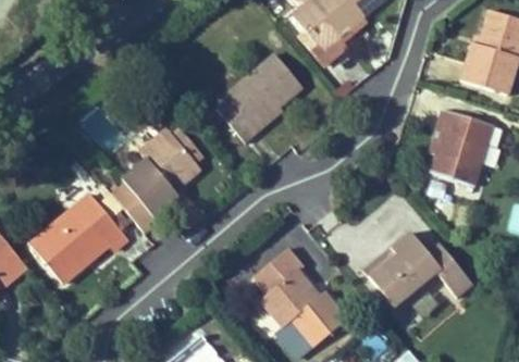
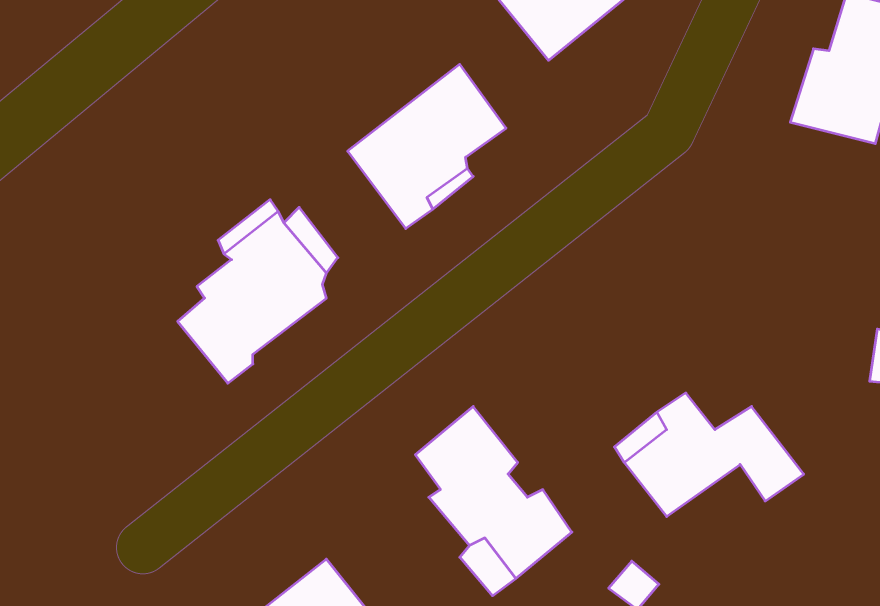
building: [434,112,497,190] -> none
building: [34,195,126,279] -> none

